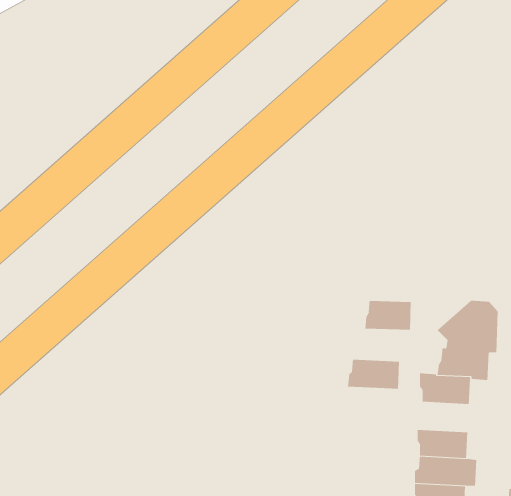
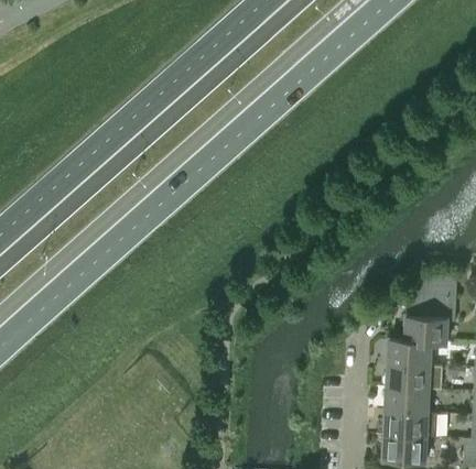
building: [365,300,411,331] -> none
building: [347,359,400,389] -> [385,363,431,390]

